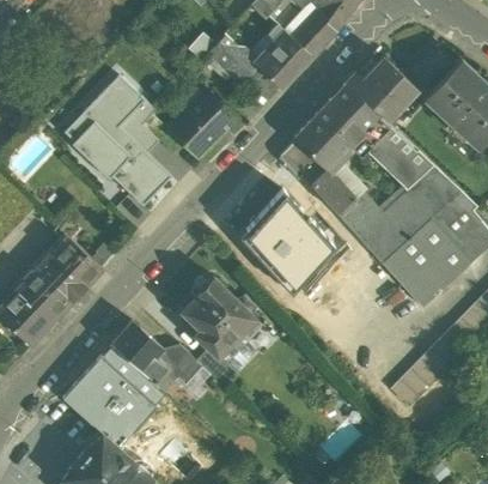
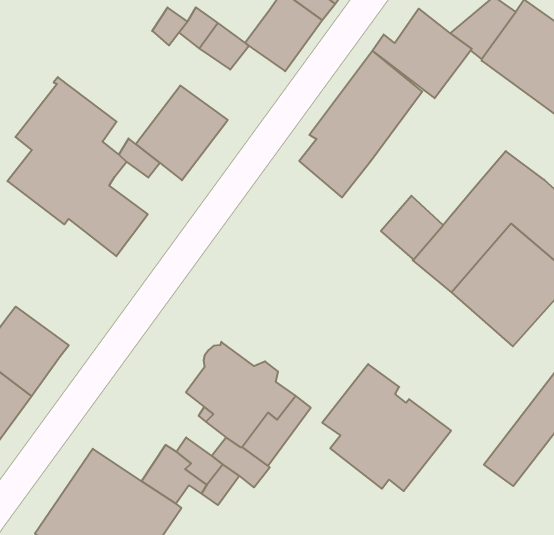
building: [367,126,433,192] -> none
building: [311,162,361,213] -> none
building: [244,192,336,286] -> [322,364,451,491]
building: [110,321,163,373] -> none

